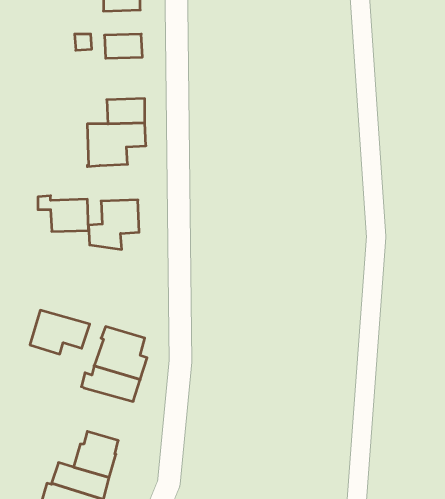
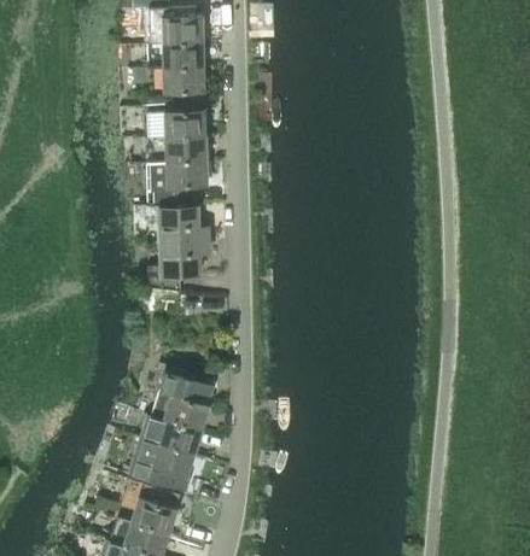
building: none -> [163,42,203,69]
building: none -> [167,111,206,136]
building: [38,196,89,231] -> [146,205,199,242]
building: [30,310,90,354] -> [132,438,194,484]

